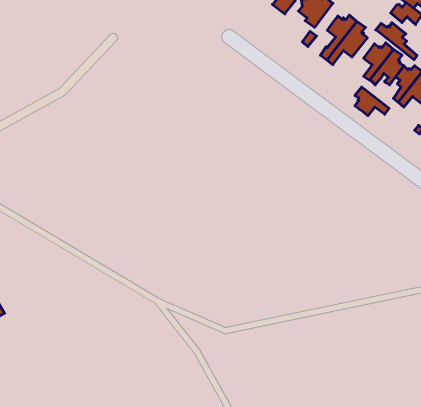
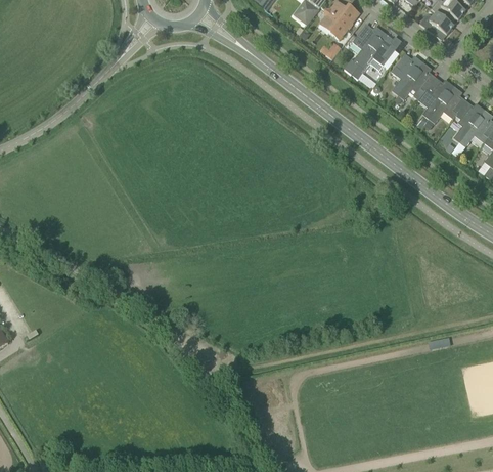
building: [376,23,417,60] -> none
building: [355,87,389,116] -> none

